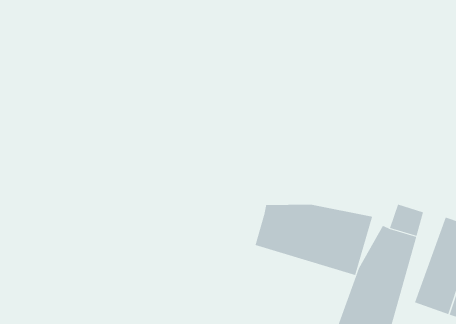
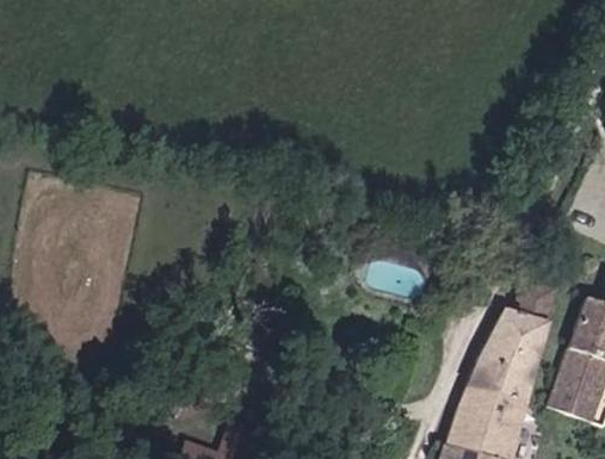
building: [255,204,373,276] -> none

